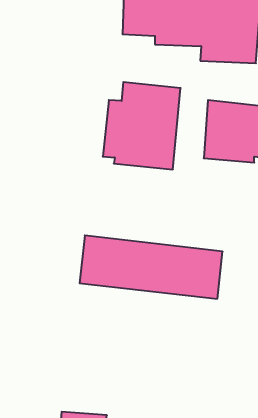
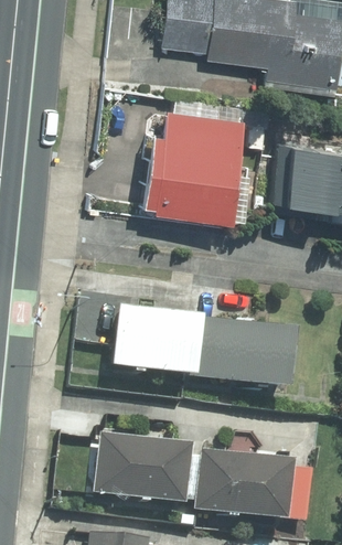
building: none -> [95,435,191,505]
building: none -> [194,451,290,520]

